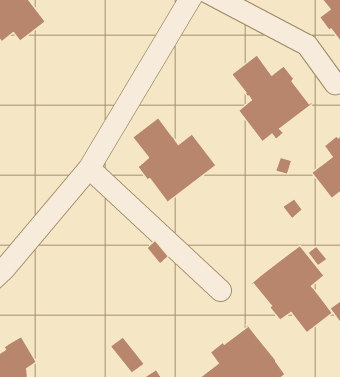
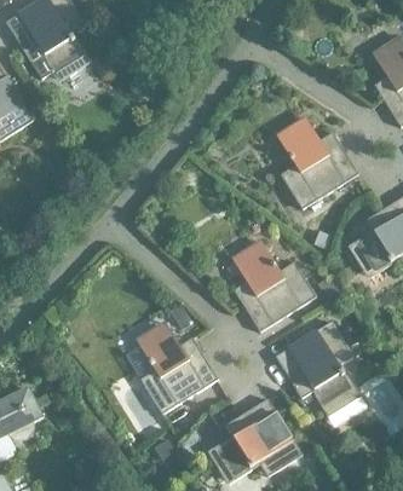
building: [133,118,216,204] -> [231,239,316,330]
building: none -> [136,320,218,412]

